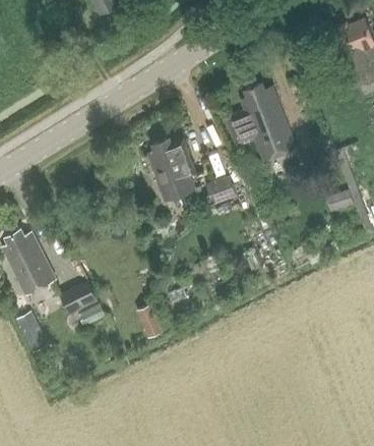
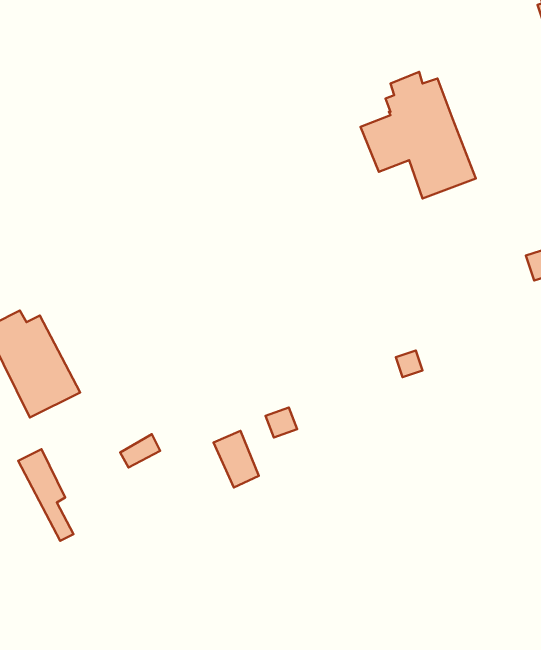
building: [146,138,195,201] -> none
building: [205,175,236,205] -> none
building: [60,281,99,316] -> none

